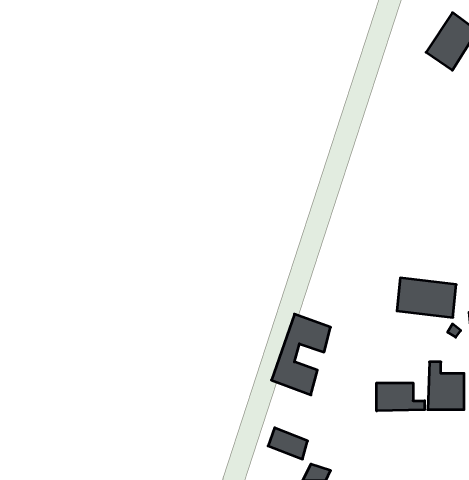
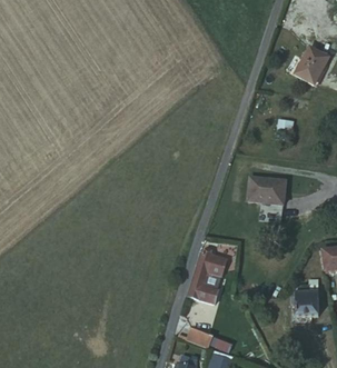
building: [397,278,456,317] -> [249,173,289,200]
building: [377,383,425,411] -> none

